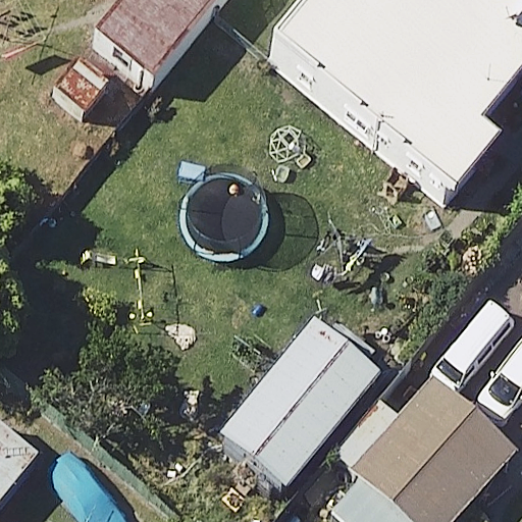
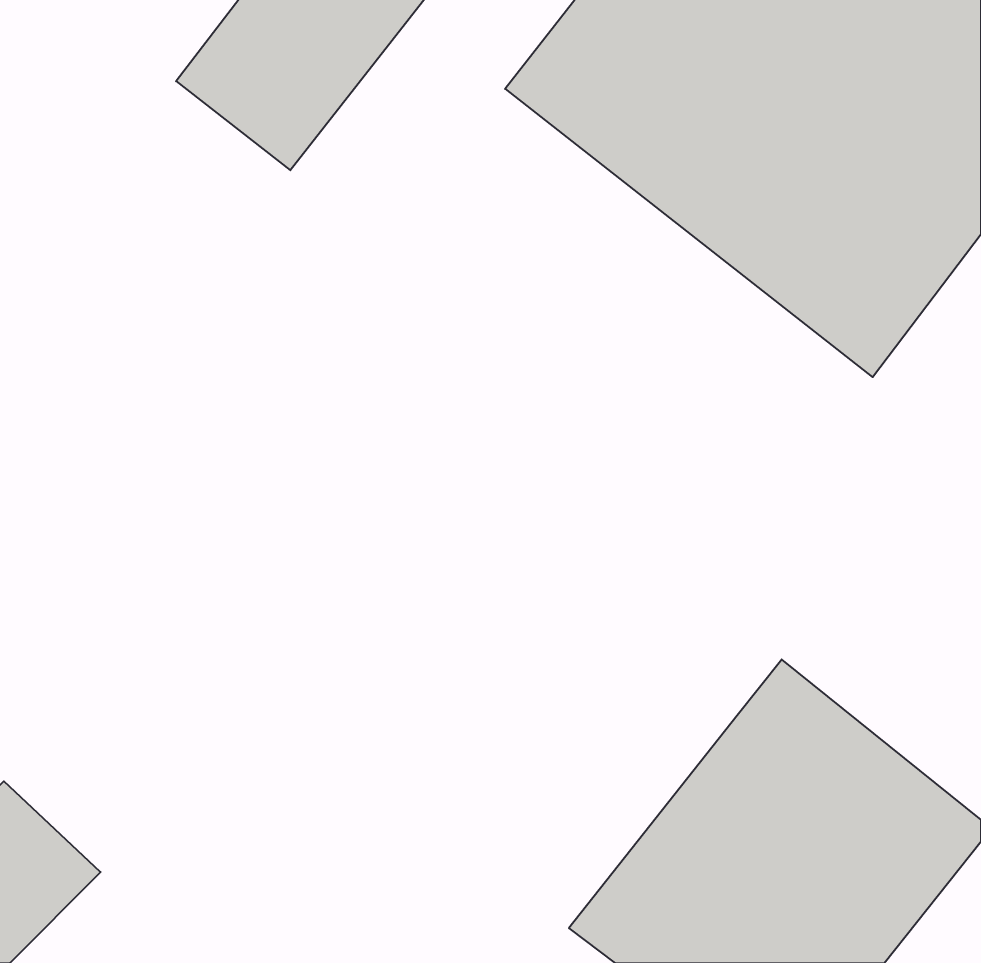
building: [197,302,388,500] -> none

